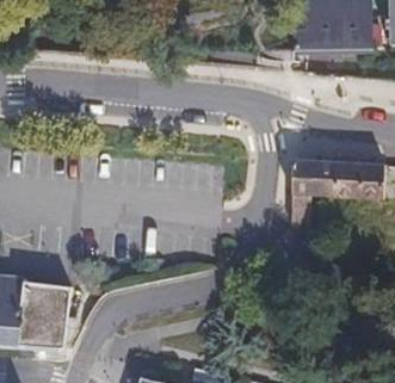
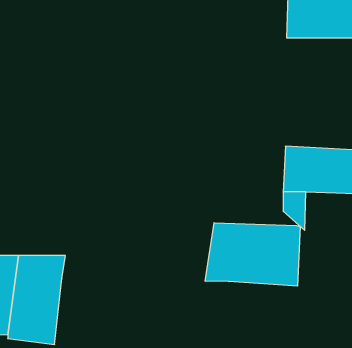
building: none -> [205,223,300,286]

